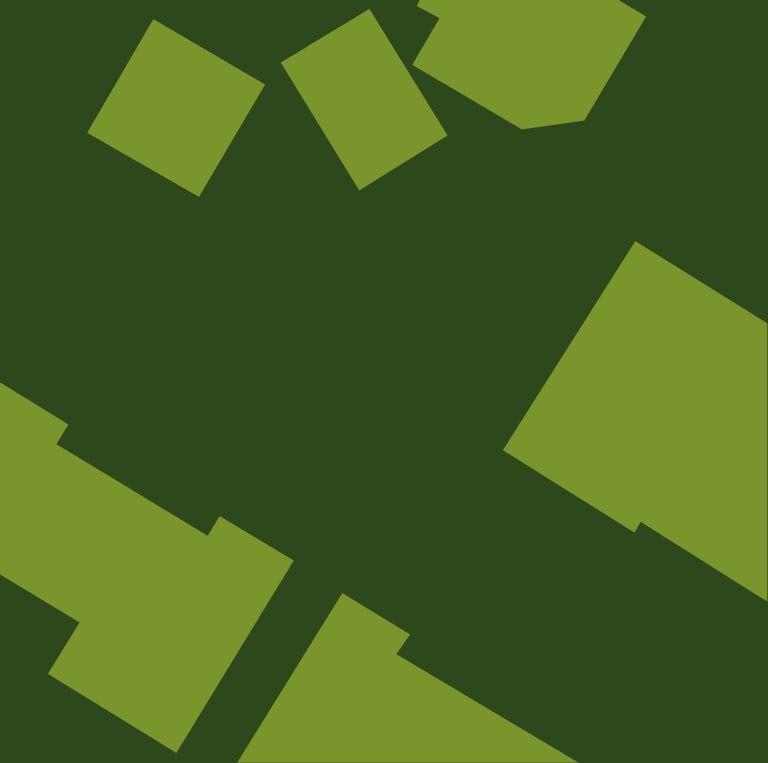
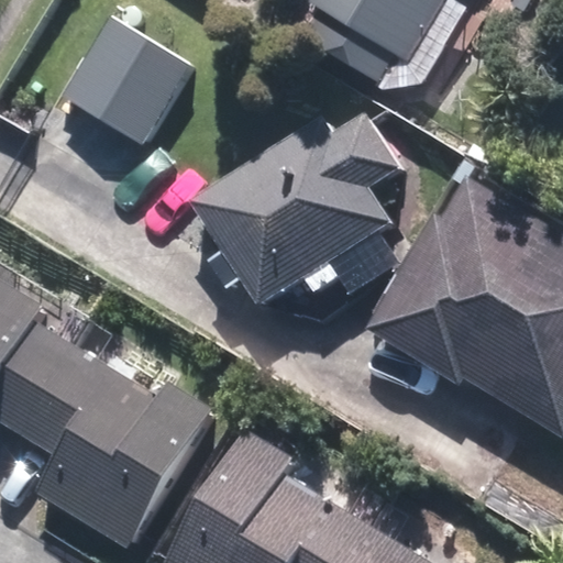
building: [280,8,449,192] -> none
building: none -> [190,112,406,309]

